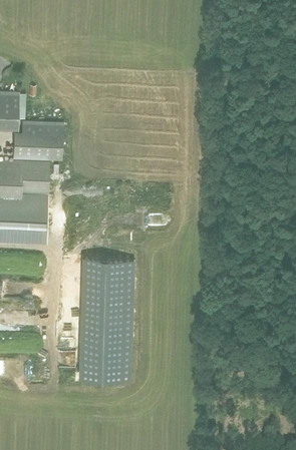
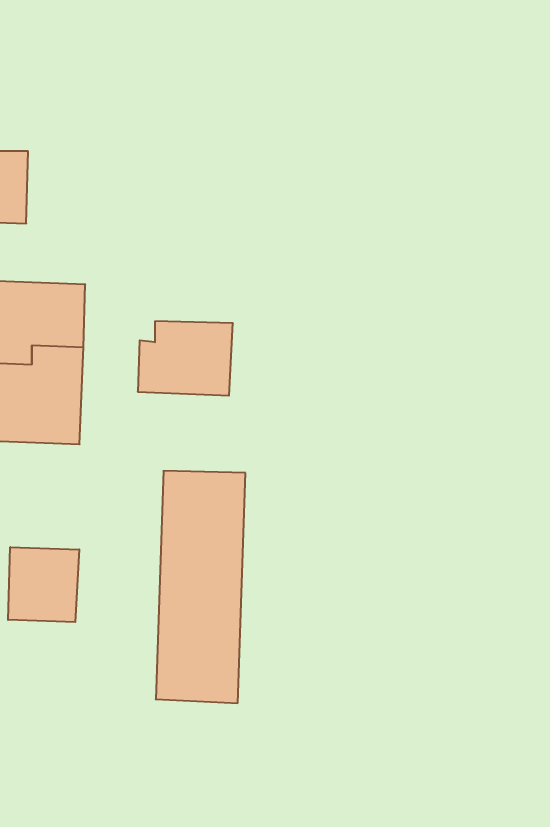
building: [12,121,62,160] -> [138,321,233,396]
building: none -> [8,547,79,622]

